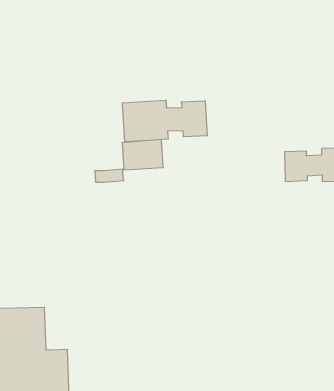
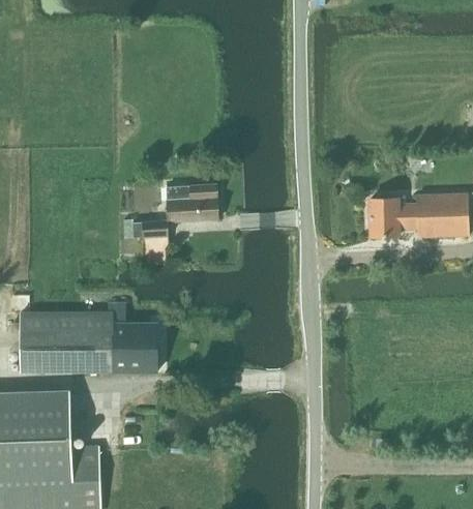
building: [122,100,207,142] -> none
building: none -> [20,304,156,372]

